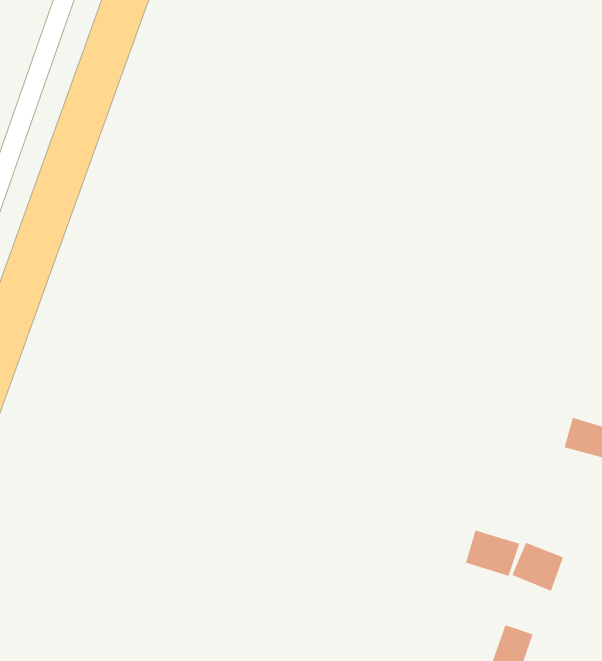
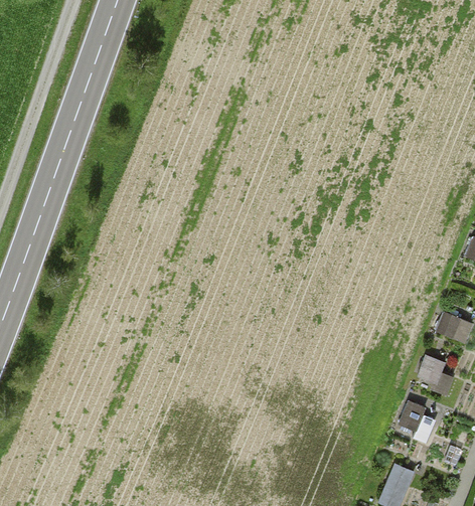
building: [465,530,520,576] -> [417,357,457,391]

